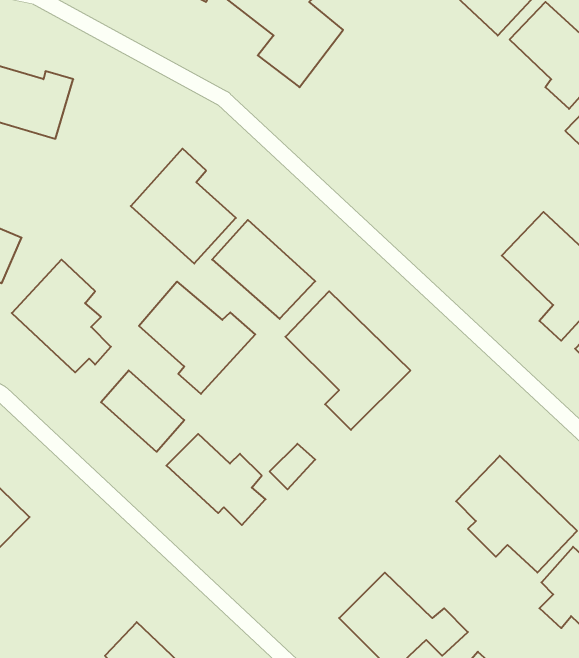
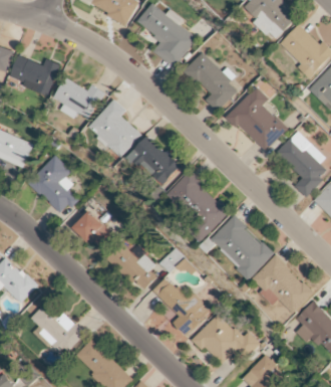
building: none -> [185,52,237,111]
building: none -> [54,77,104,120]
building: none -> [228,86,287,151]
building: [139,282,255,394] -> none
building: none -> [210,215,273,278]
building: none -> [152,274,208,336]
building: none -> [30,300,85,352]

